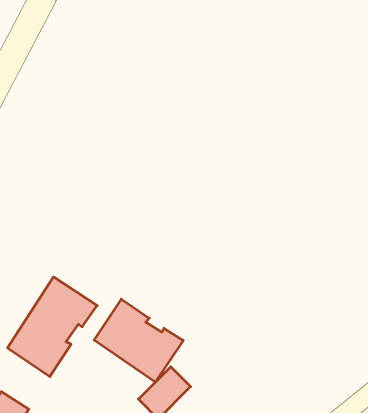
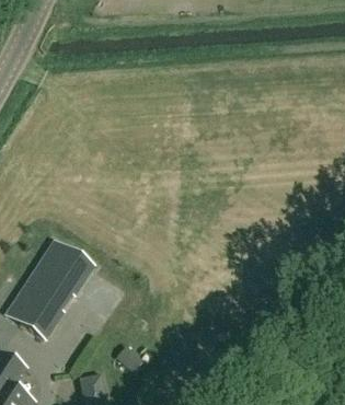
building: [94,299,183,382] -> none

